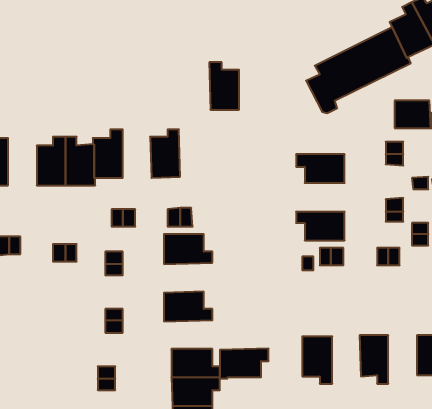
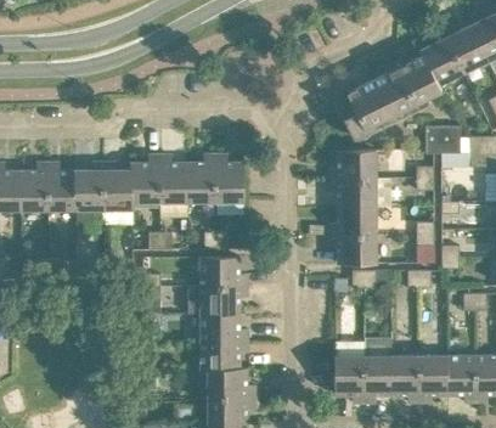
building: [209,62,239,110] -> [214,154,243,201]
building: none -> [328,150,376,179]
building: none -> [159,154,187,202]
building: none -> [47,162,75,209]
building: none -> [328,207,376,235]
building: none -> [199,285,247,314]
building: none -> [363,355,391,402]
building: none -> [418,355,446,402]
building: [220,349,269,379] -> [199,340,247,370]

